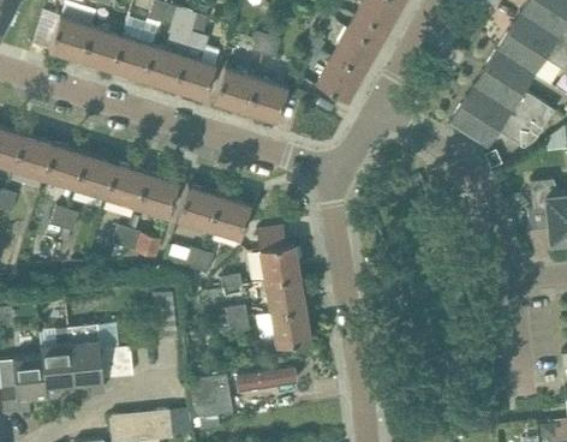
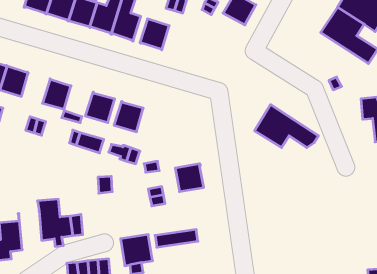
building: [316,60,364,106] -> none
building: [245,78,287,123] -> none
building: [449,88,541,149] -> [255,105,318,148]
building: [44,145,85,189] -> none
building: [106,163,147,207] -> none
building: [209,196,251,240] -> none
building: [256,227,299,281] -> none
building: [270,309,311,347] -> none
building: [41,328,73,398] -> none

